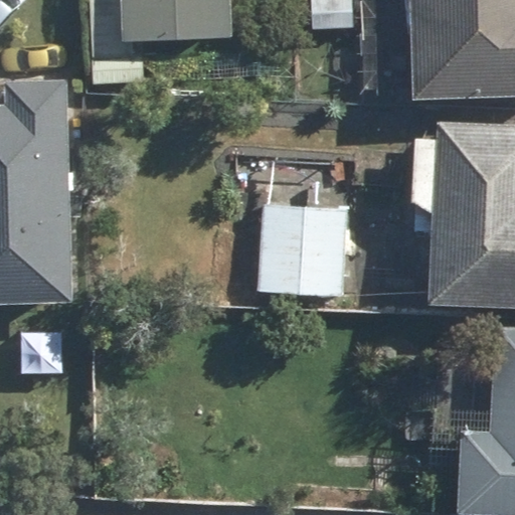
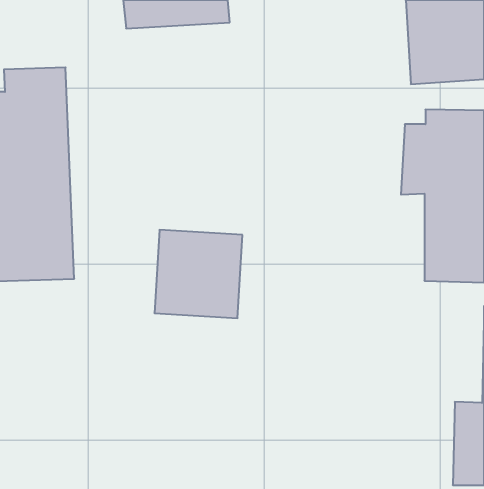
building: [254,208,345,299] -> [154,230,242,318]

